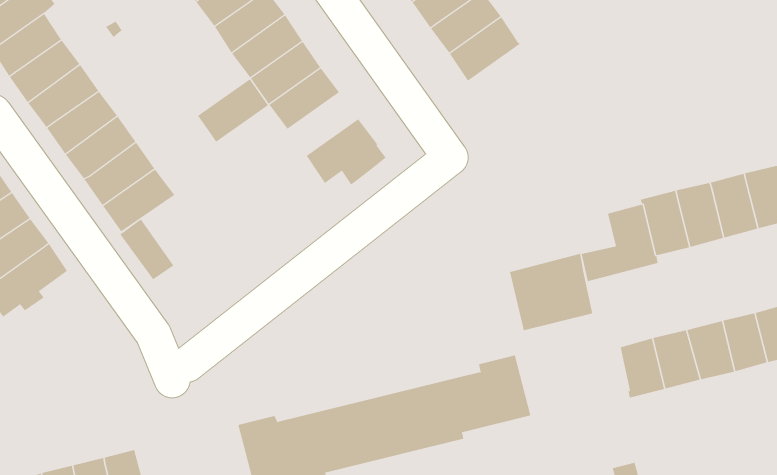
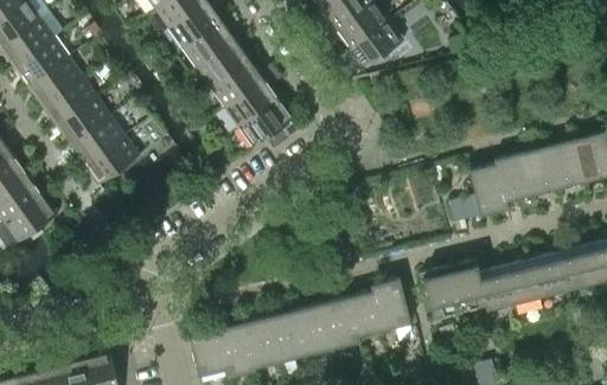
building: [197,79,269,142] -> [224,78,279,127]
building: [119,218,174,280] -> none
building: [509,253,593,331] -> [421,259,485,319]

